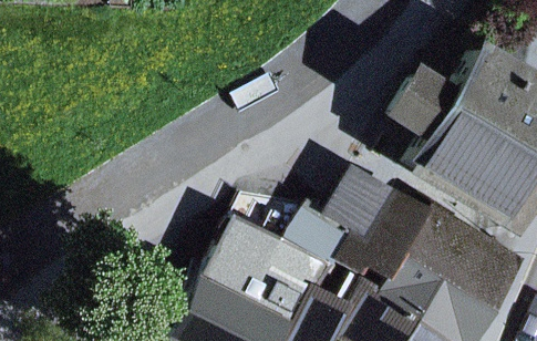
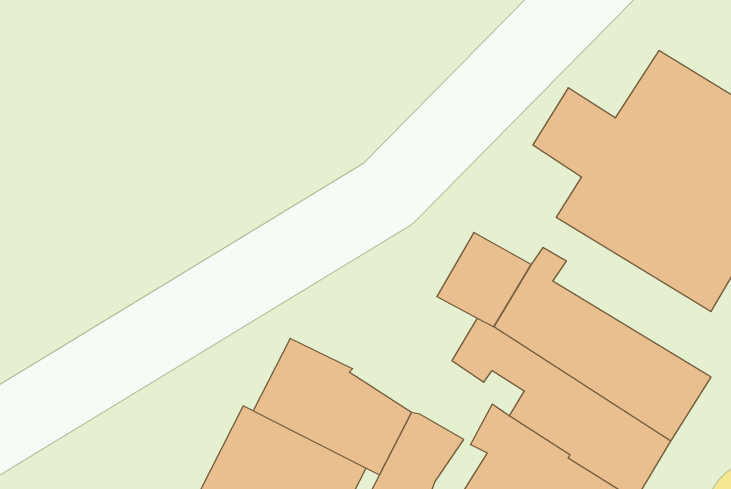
building: [281,199,365,287] -> none

